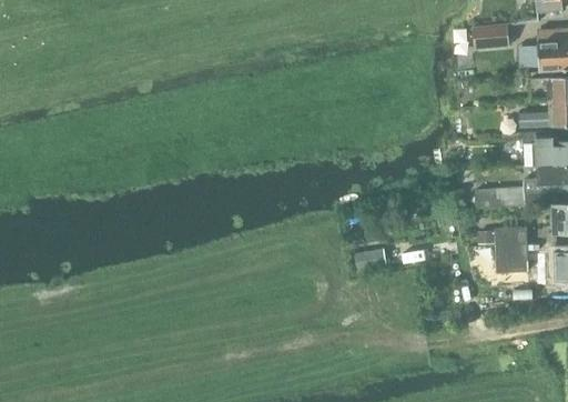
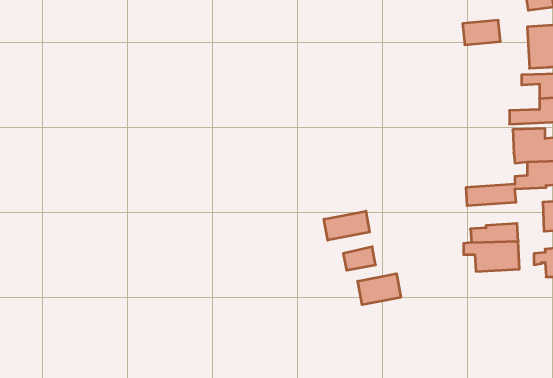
building: none -> [324,211,370,240]
building: none -> [358,274,401,305]

